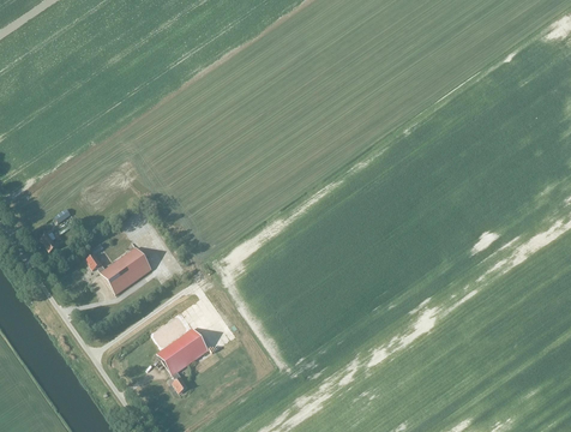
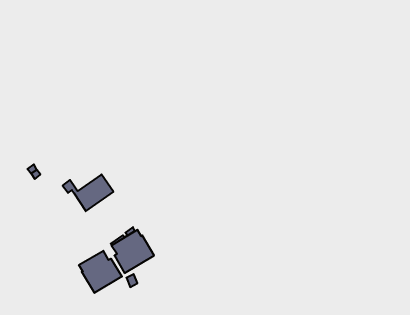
building: none -> [79,251,122,293]

